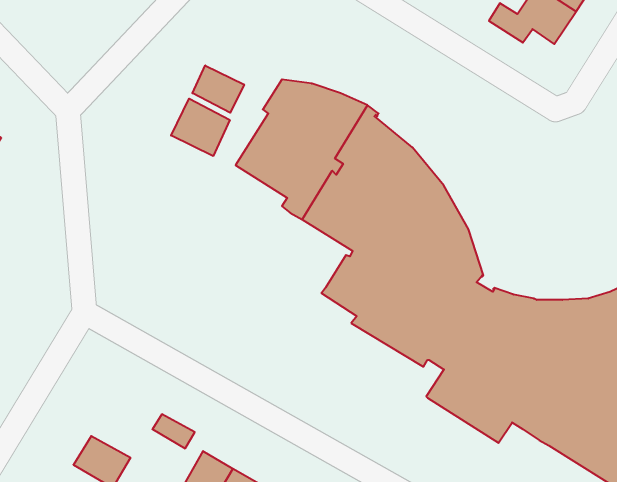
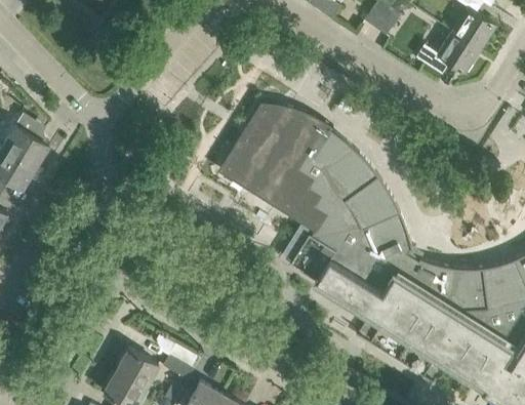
building: [192,65,244,113] -> none
building: [171,99,230,156] -> none
building: none -> [116,348,158,387]

